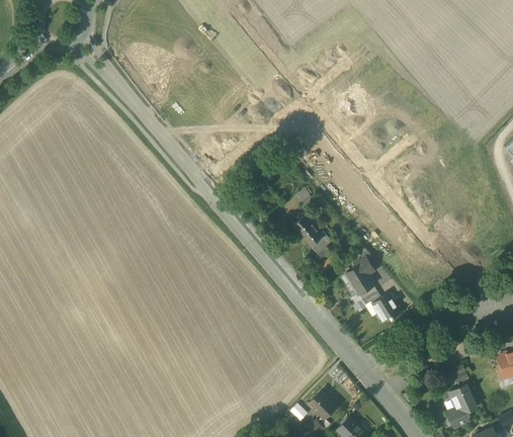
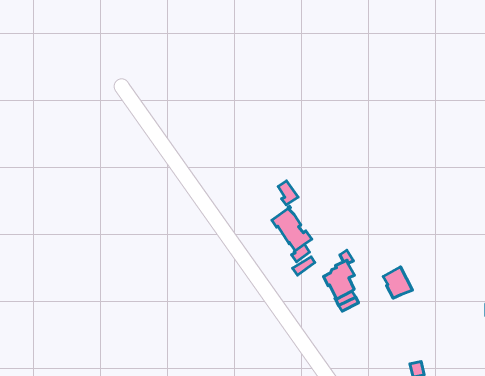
building: [372,292,401,322] -> [383,267,413,298]

